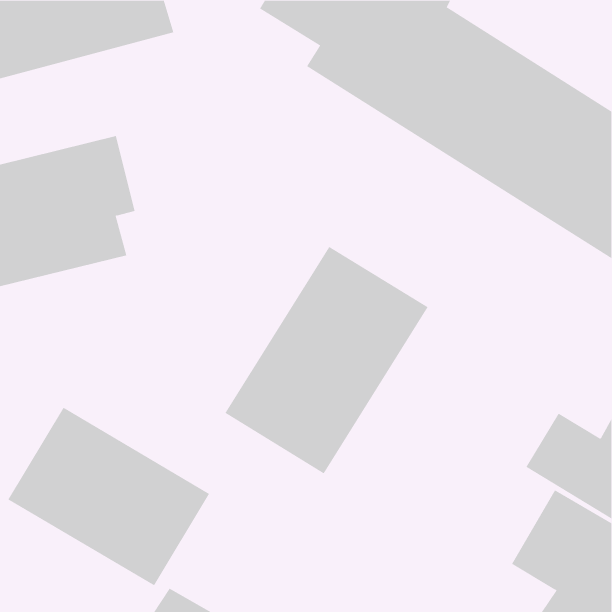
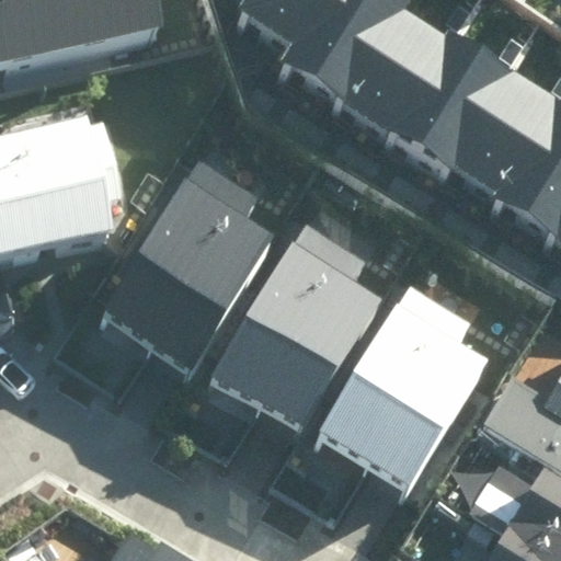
building: none -> [100,157,271,370]
building: none -> [317,279,503,492]
building: [8,407,210,586] -> none

